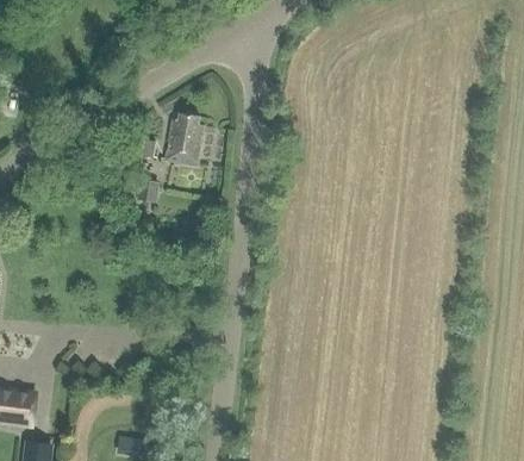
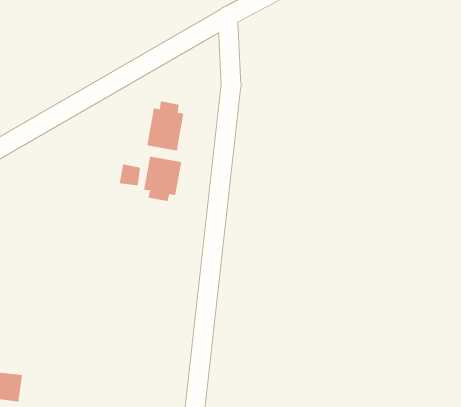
building: none -> [144,156,182,202]

